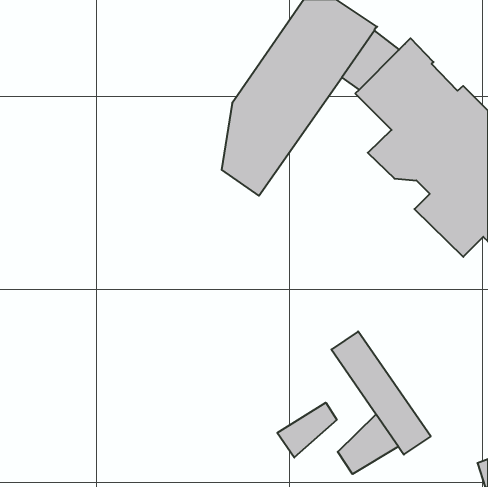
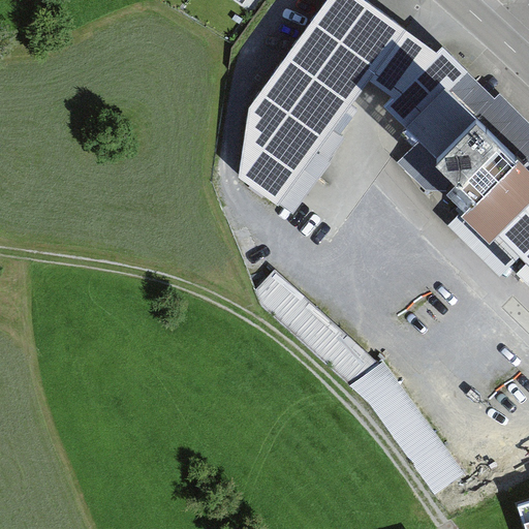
building: [277,403,337,458] -> none
building: [338,414,398,474] -> none

